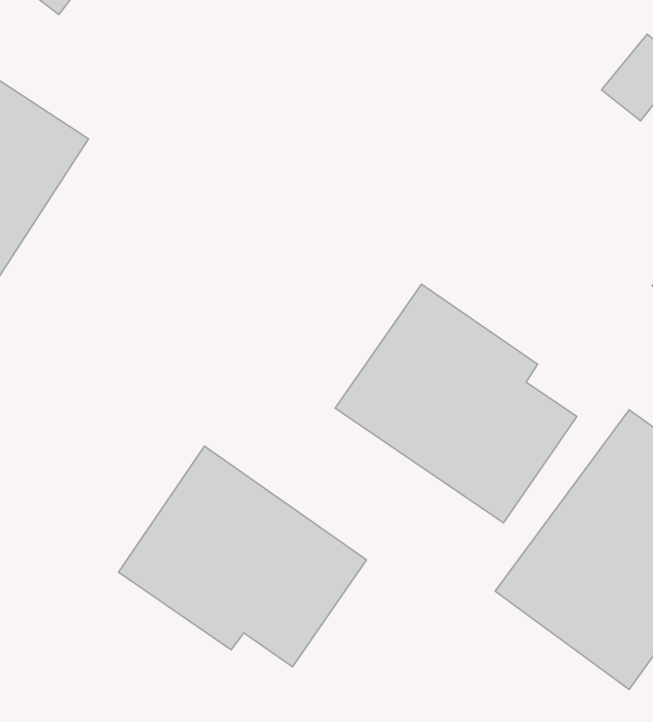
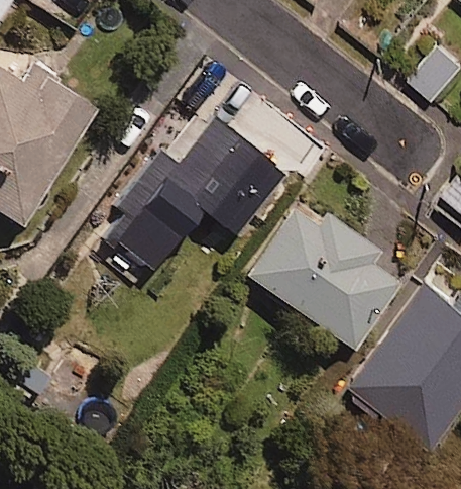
building: none -> [91,117,285,288]
building: [118,446,366,667] -> none

